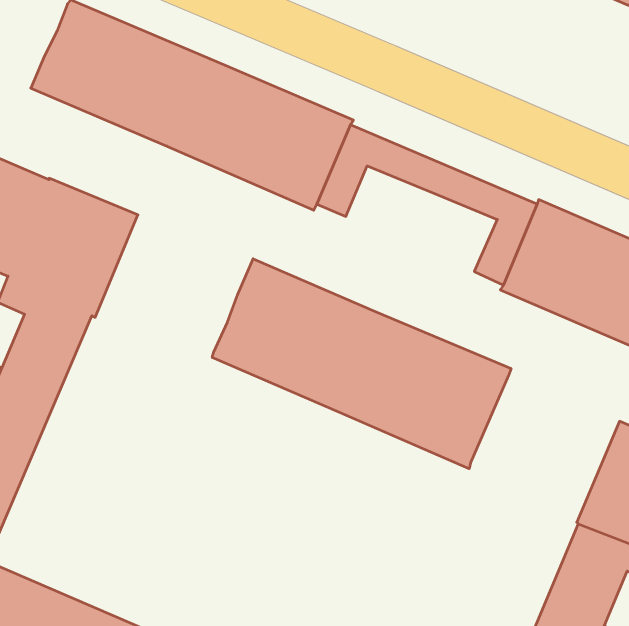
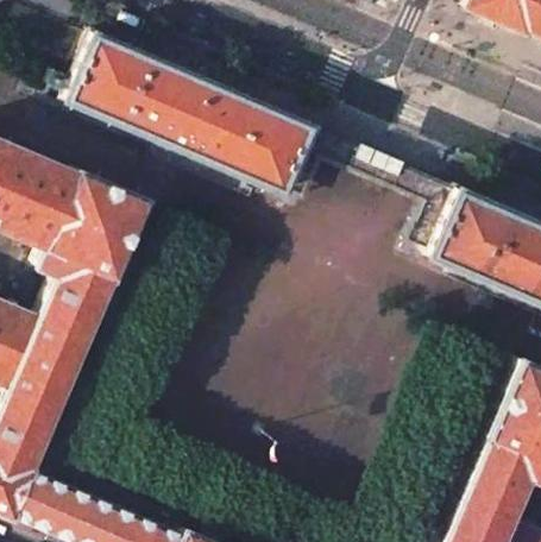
building: [212,259,511,469] -> none

